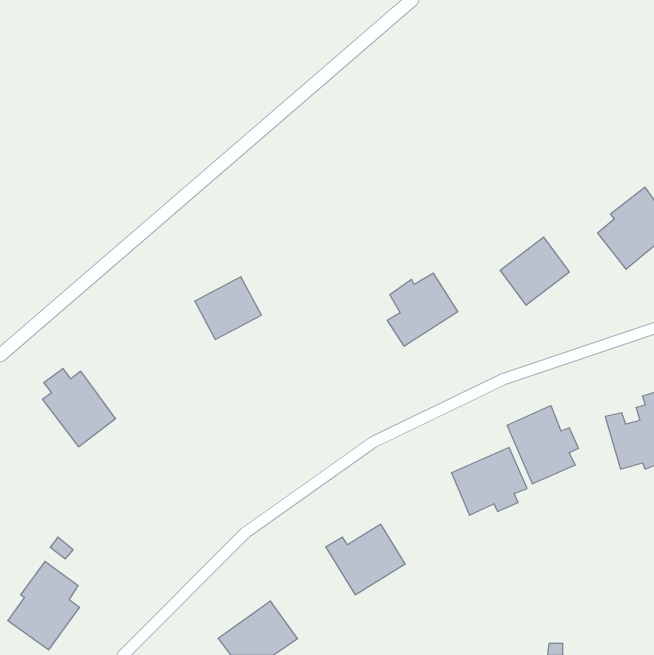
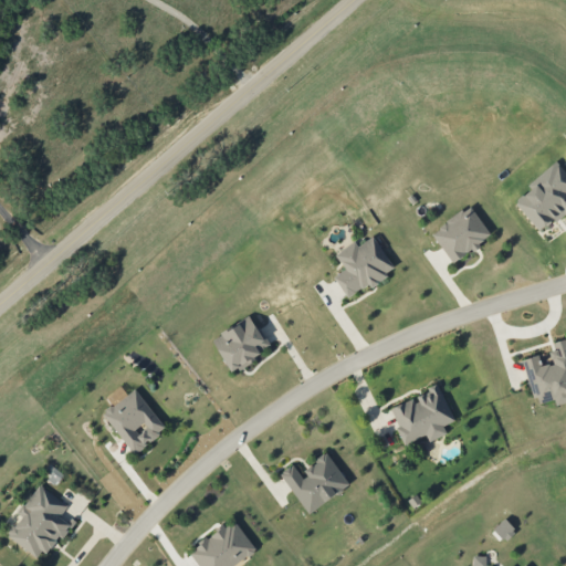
building: [195,277,261,340] -> [213,316,271,370]
building: [43,369,116,447] -> [104,386,167,453]
building: [507,406,578,484] -> none

